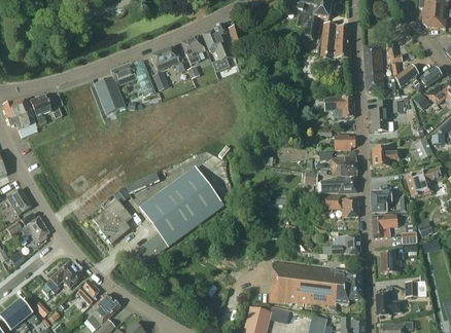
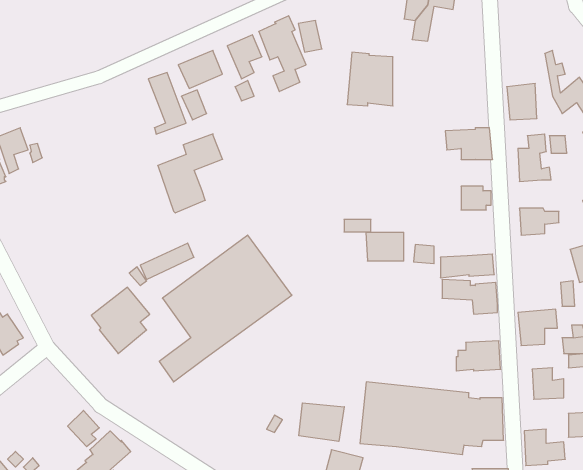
building: [321,24,351,59] -> [347,52,393,106]
building: [363,45,383,69] -> none
building: [95,63,137,114] -> [158,134,223,213]
building: [332,156,356,175] -> [366,232,404,261]
building: [371,189,391,212] -> none
building: [45,261,82,292] -> none
building: none -> [299,403,344,441]

